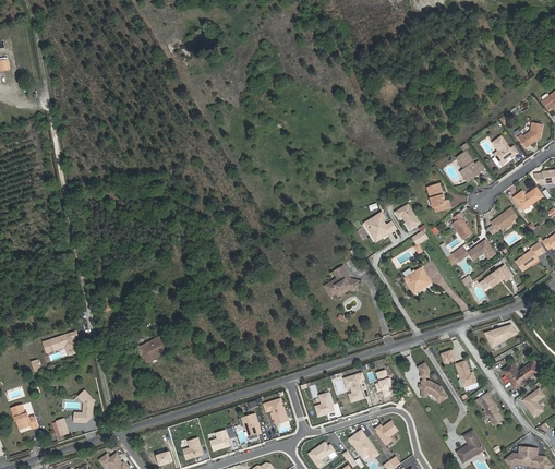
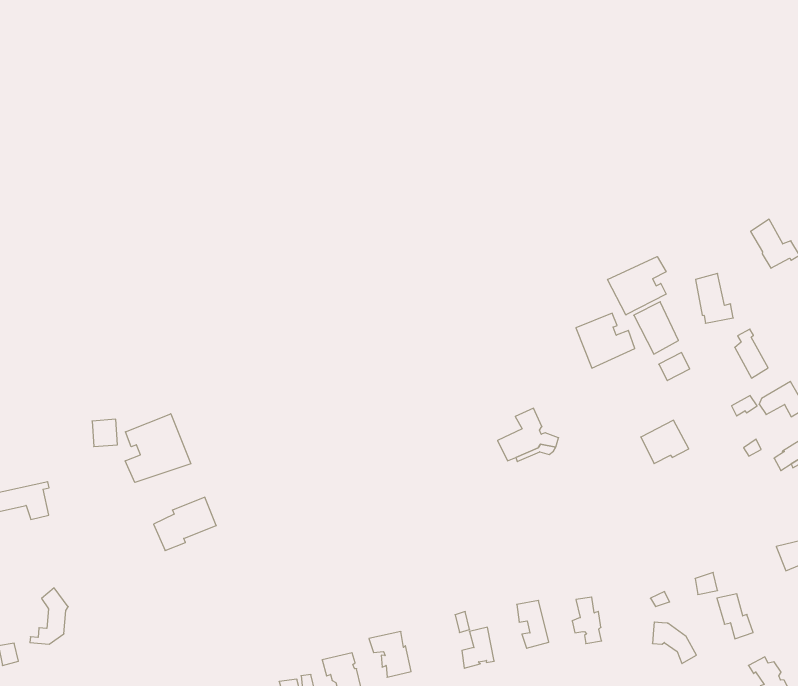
building: none -> [608,257,666,315]
building: none -> [125,414,191,482]

